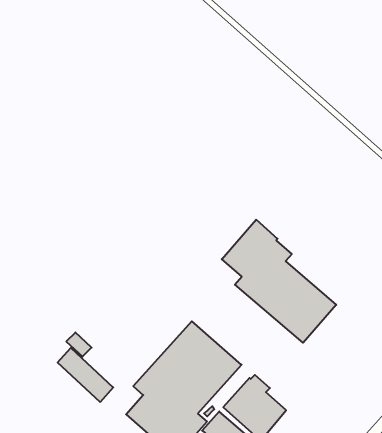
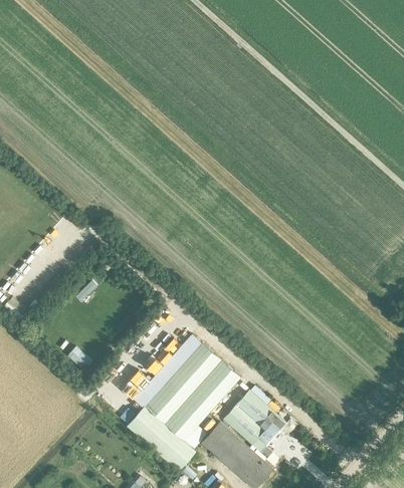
building: [222,220,336,343] -> none
building: [58,348,113,402] -> none

